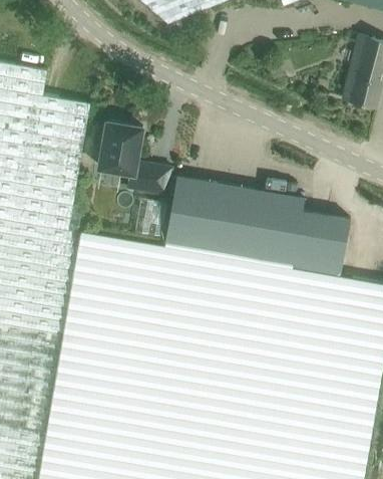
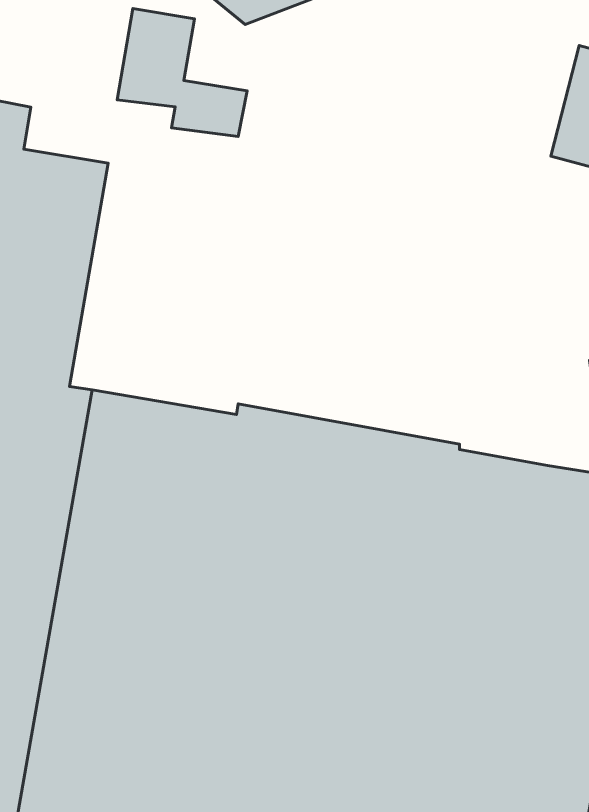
building: [98,121,172,194] -> [117,8,247,137]
building: [164,176,350,275] -> none

